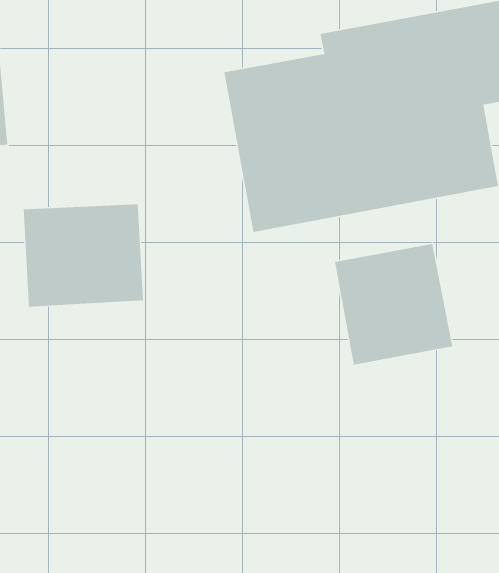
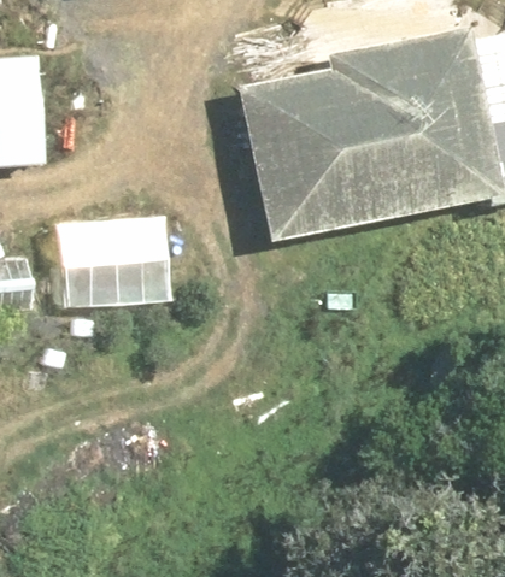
building: [334,243,453,366] -> none

